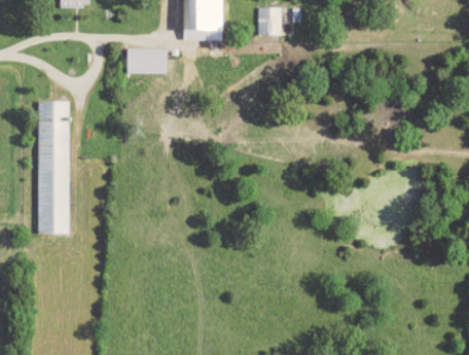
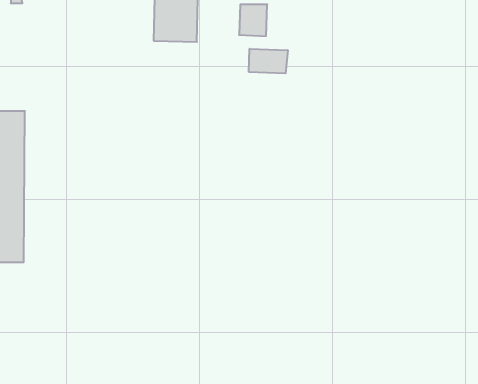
building: none -> [249,49,288,73]
building: [125,48,169,73] -> none

